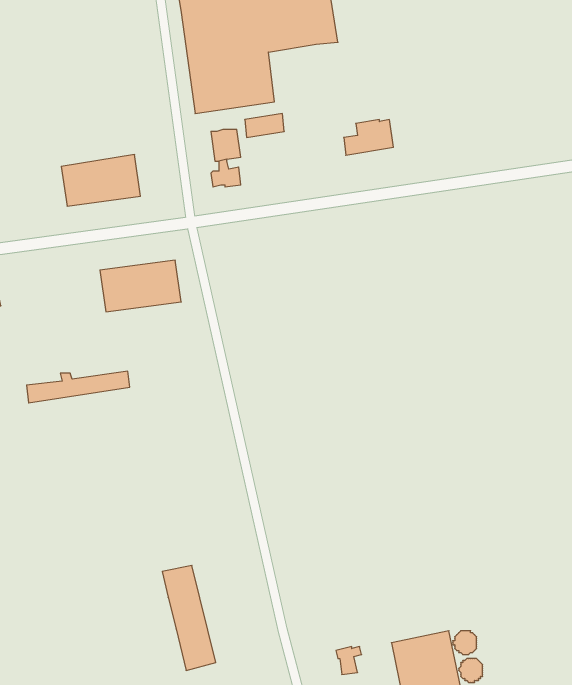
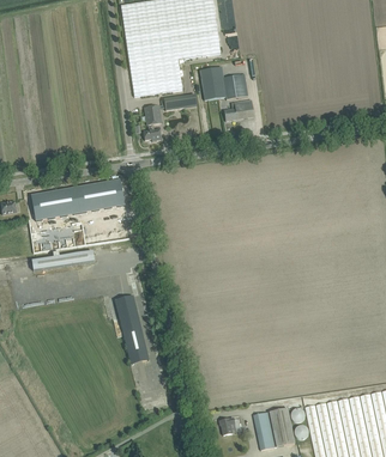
building: none -> [199,66,248,99]
building: [61,155,140,206] -> [32,190,80,221]
building: [162,565,216,670] -> [115,295,147,359]

